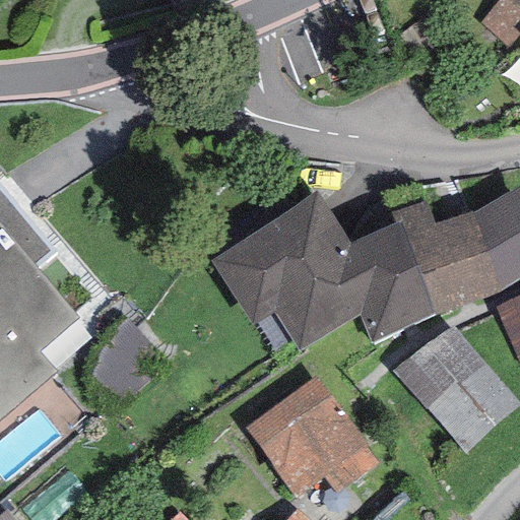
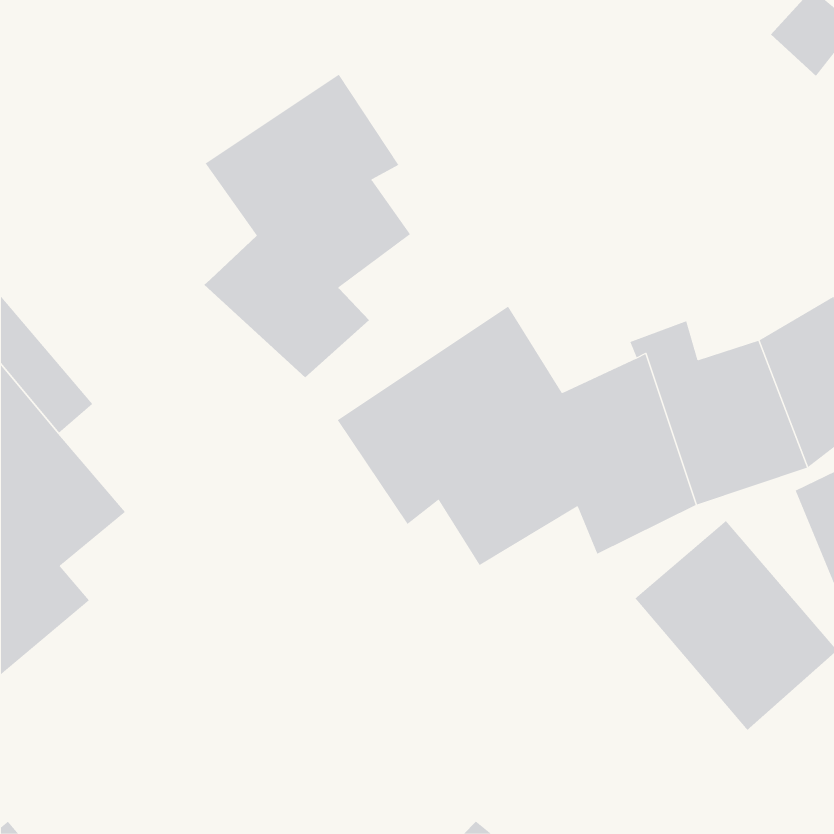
building: none -> [203,74,411,378]
building: [245,376,378,498] -> none

